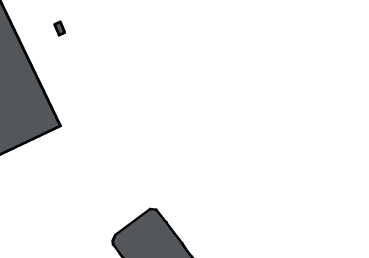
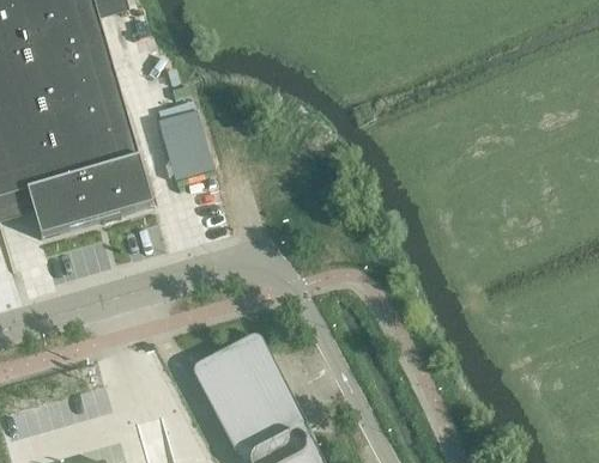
building: none -> [157,108,214,178]

